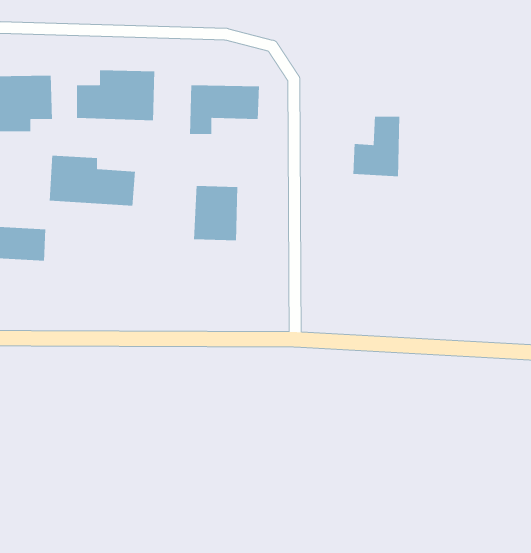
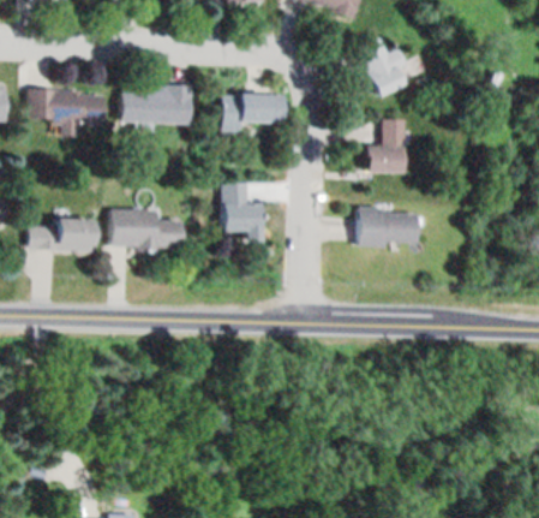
building: none -> [353,38,414,95]
building: [49,155,136,207] -> [112,207,188,252]
building: none -> [360,206,421,249]

